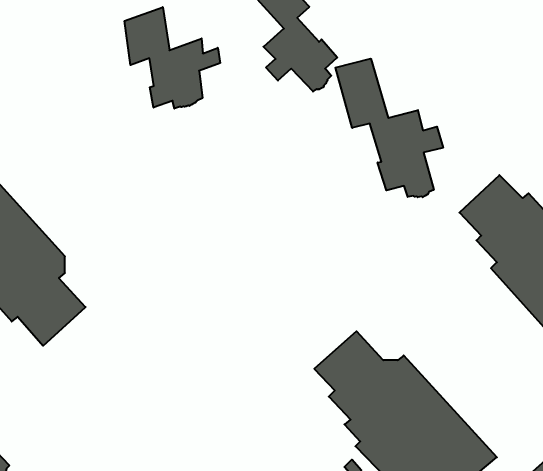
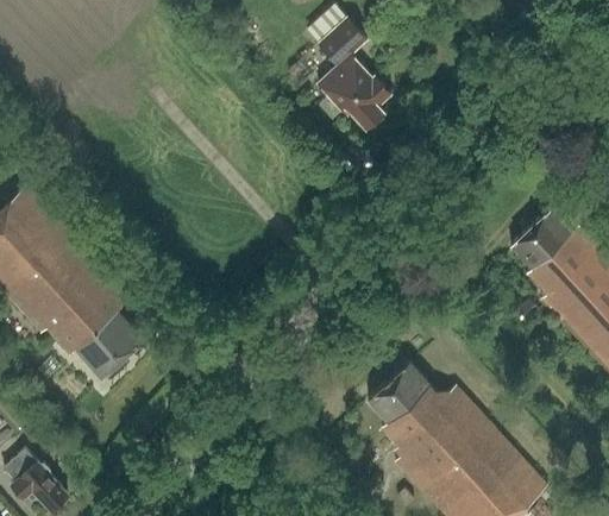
building: [125,7,220,109] -> none
building: [335,59,443,197] -> none

